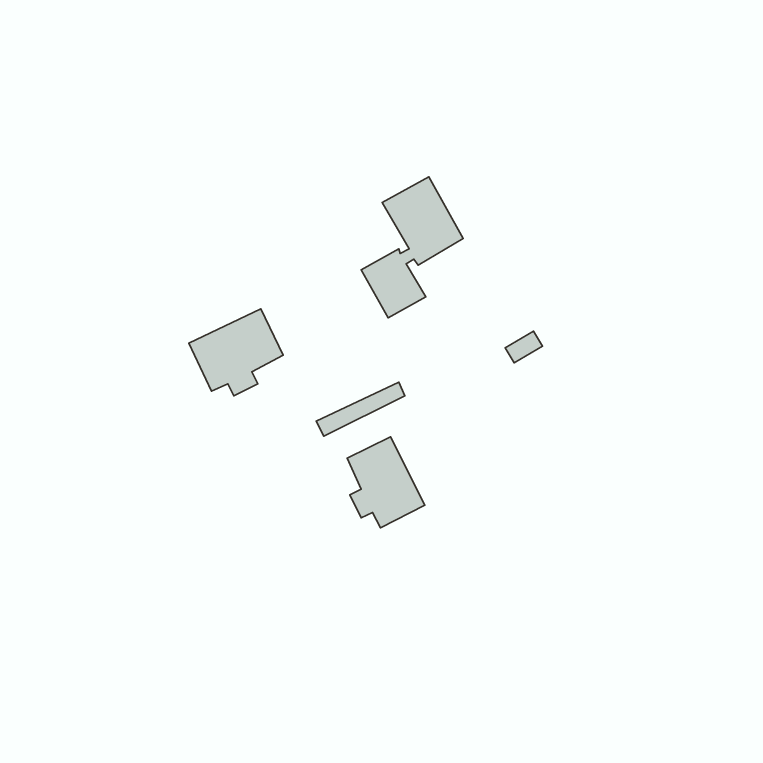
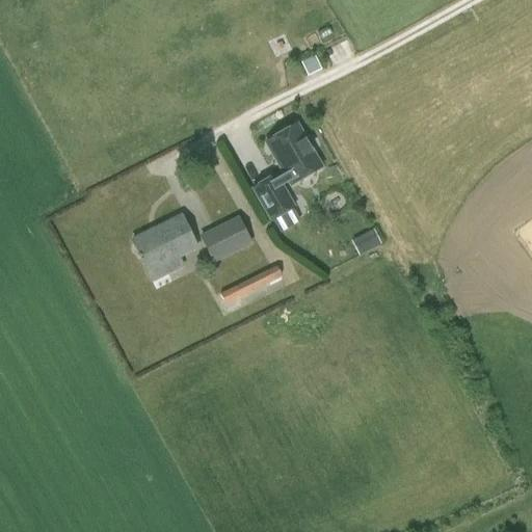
building: none -> [200,214,254,263]
building: [347,437,425,528] -> none

